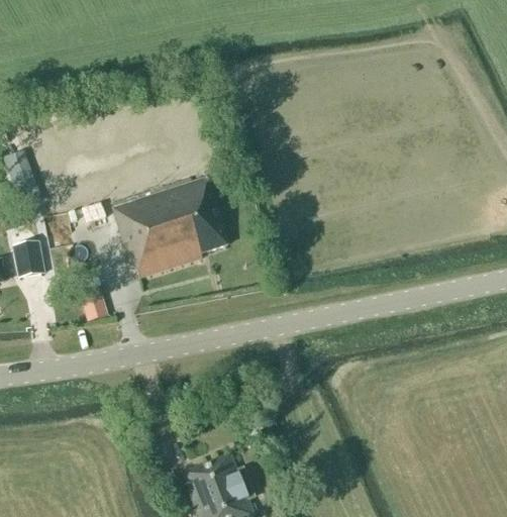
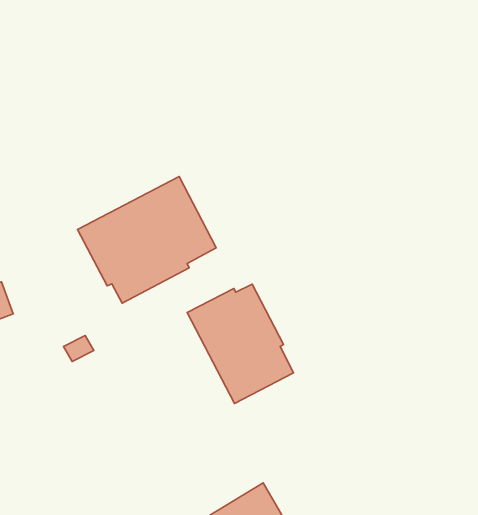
building: none -> [187,284,293,404]

